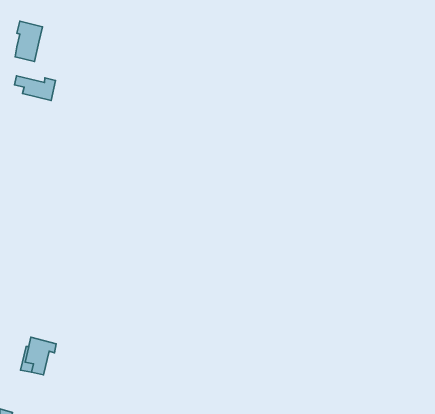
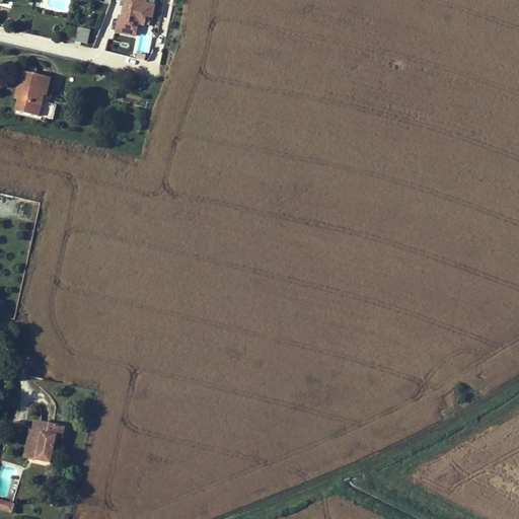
building: [14,76,55,100] -> none

